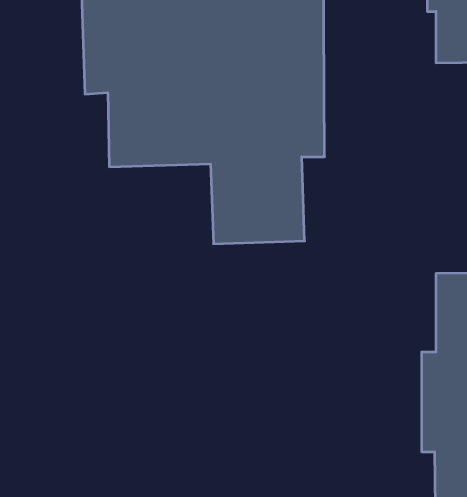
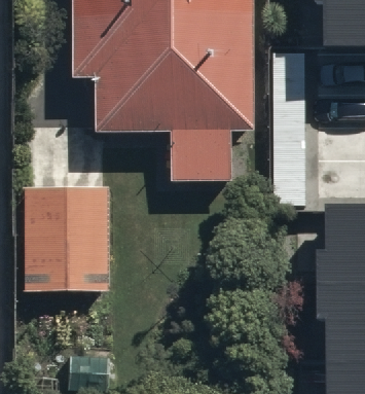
building: none -> [24,187,103,295]

